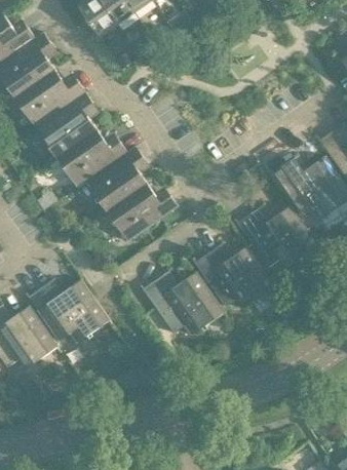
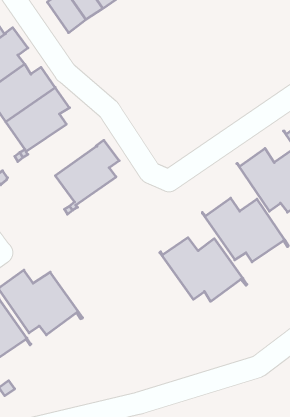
building: [55,129,127,188] -> none
building: [106,183,178,241] -> none
building: [140,270,228,335] -> none

